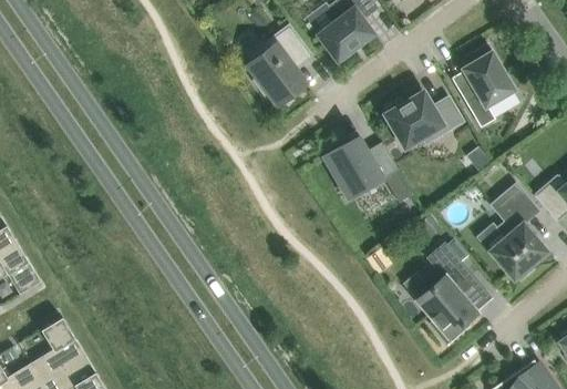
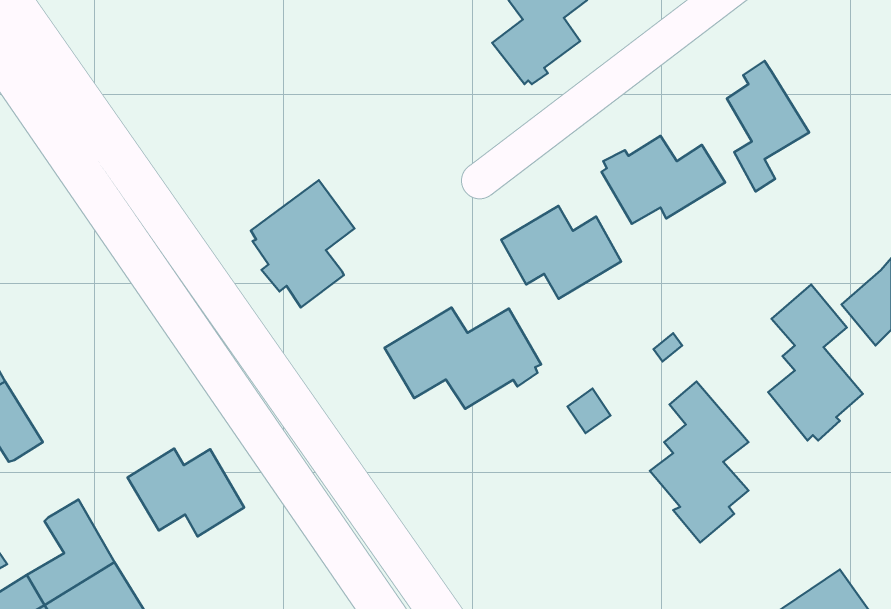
building: [247,25,311,104] -> [251,180,355,307]
building: none -> [384,307,541,409]
building: none -> [128,448,244,536]

